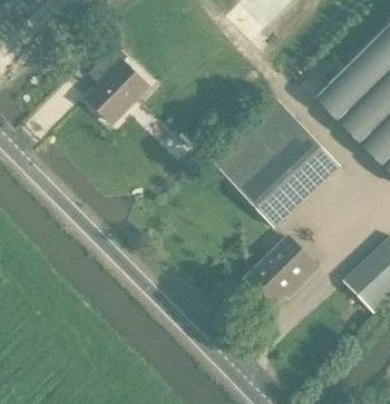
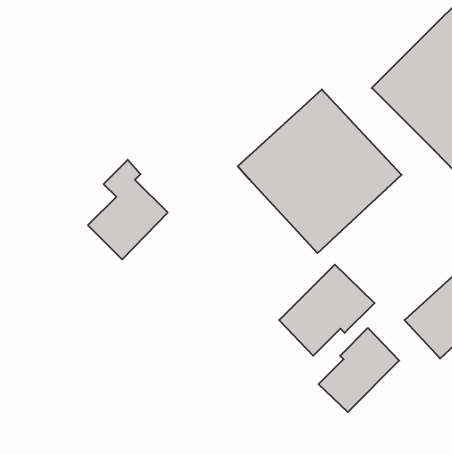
building: [86,45,148,122] -> [88,160,168,259]
building: none -> [319,328,399,412]

